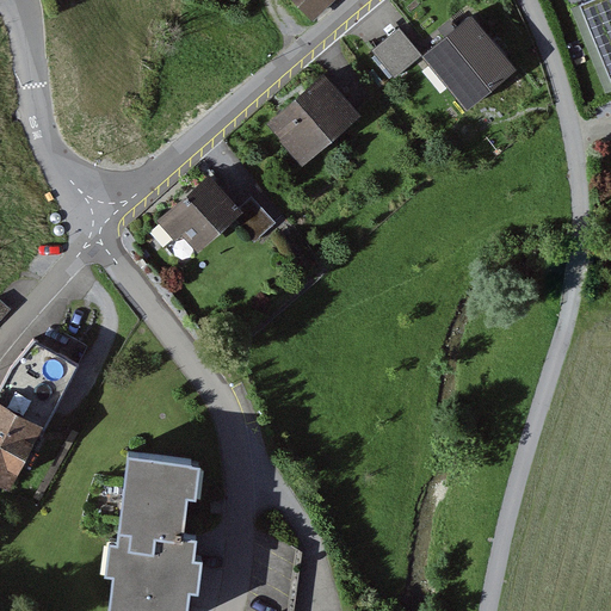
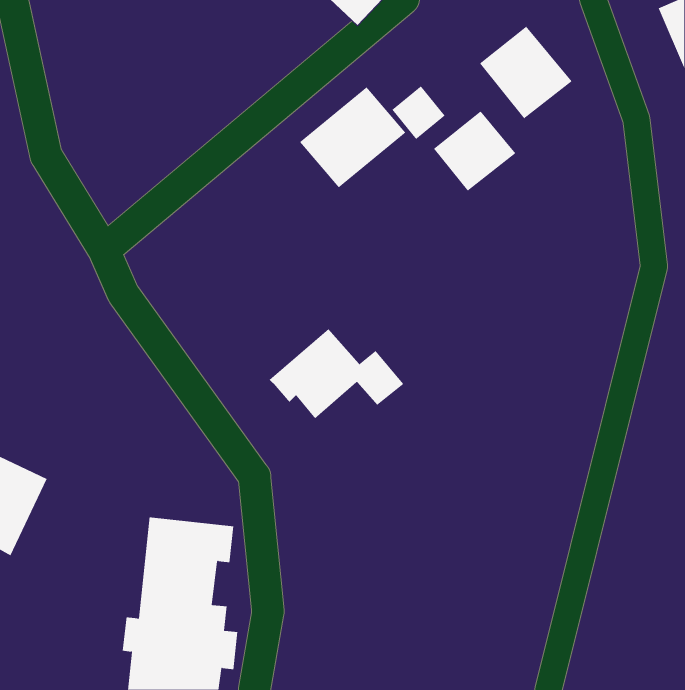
building: [368,29,415,76] -> [391,86,446,140]
building: none -> [433,111,516,191]
building: [155,177,274,257] -> [269,328,404,419]

